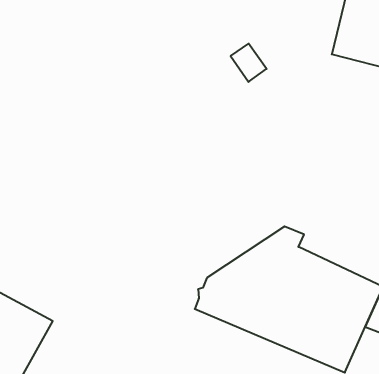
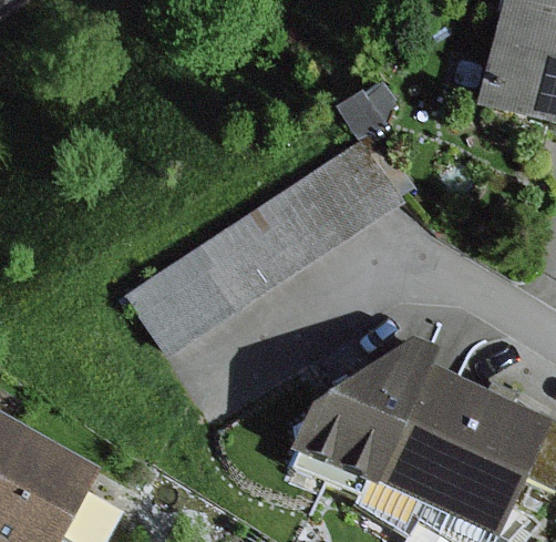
building: none -> [127,141,399,355]

